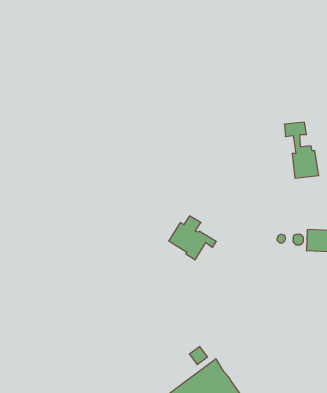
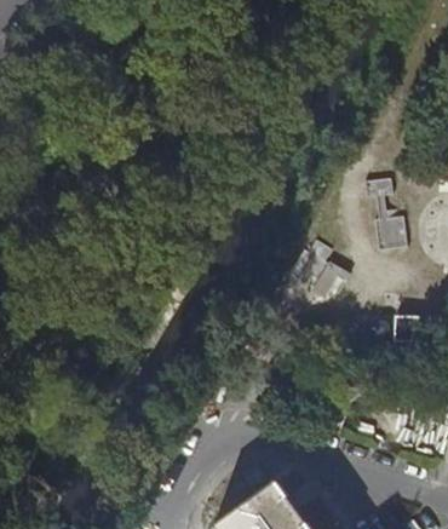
building: [169,216,216,260] -> [288,242,349,298]

